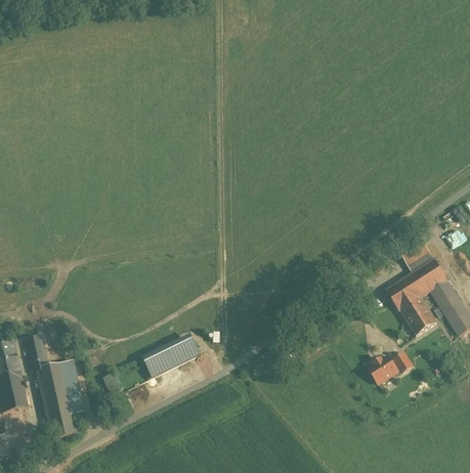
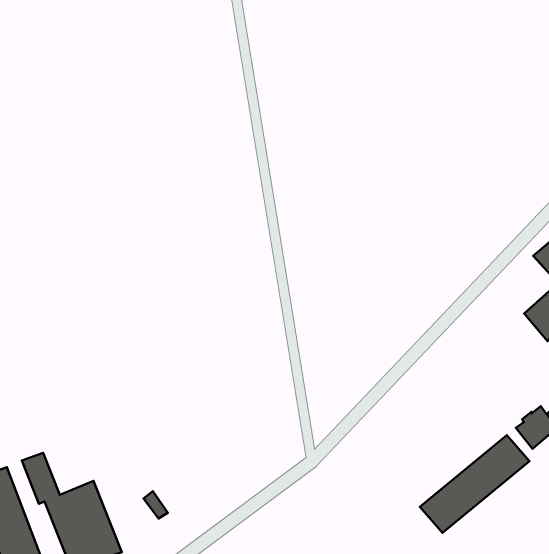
building: [143,336,200,377] -> none
building: none -> [420,435,529,533]

